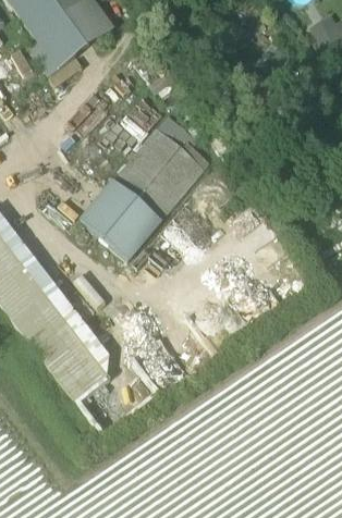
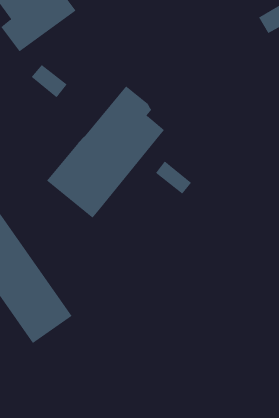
building: none -> [31,64,67,98]
building: none -> [155,160,192,194]

